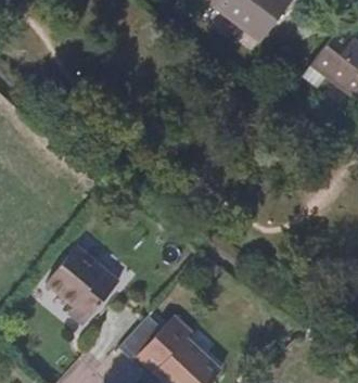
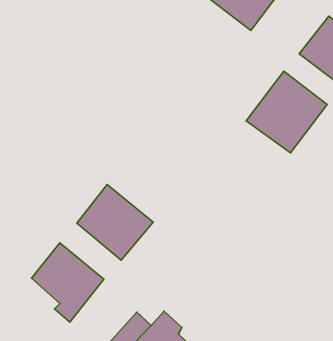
building: none -> [246,71,327,153]
building: none -> [77,184,153,260]

